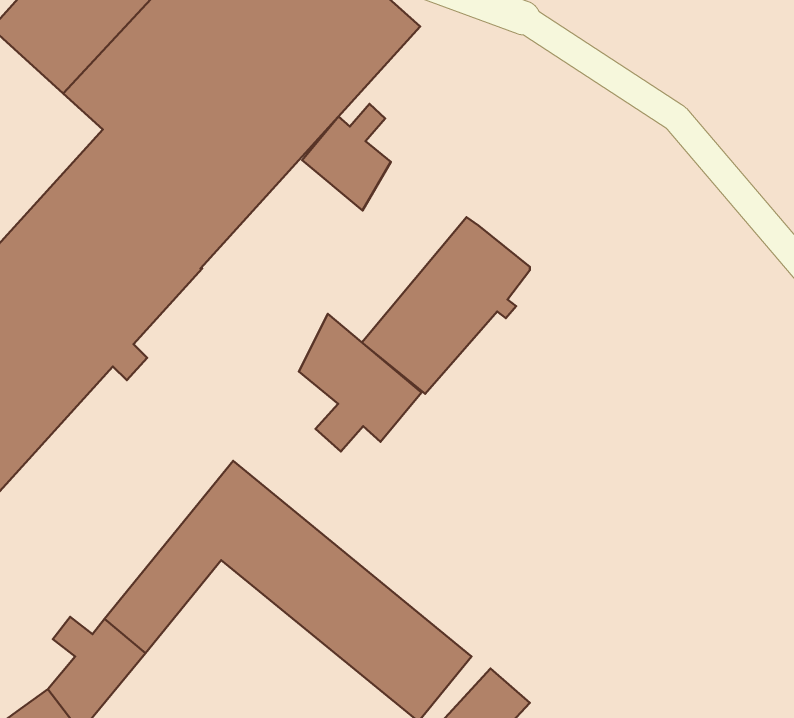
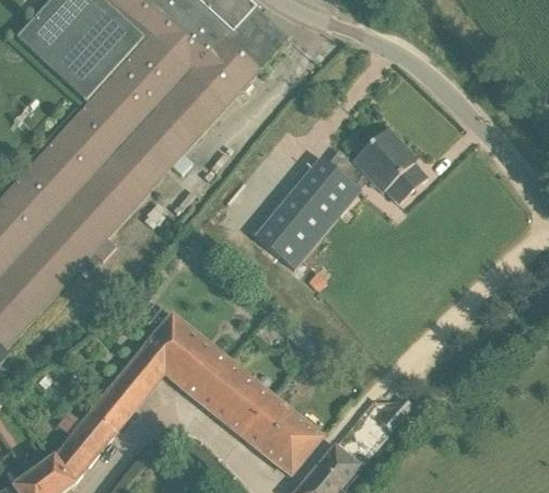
building: [302,104,391,211] -> none
building: none -> [327,129,425,206]
building: [299,314,422,451] -> none

